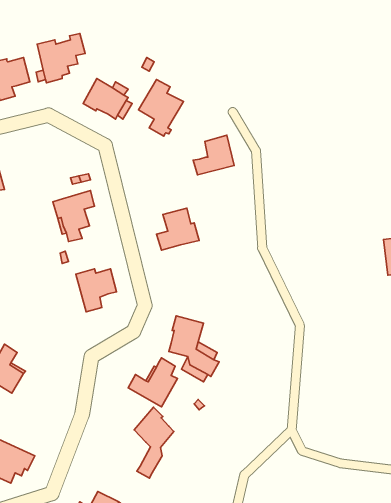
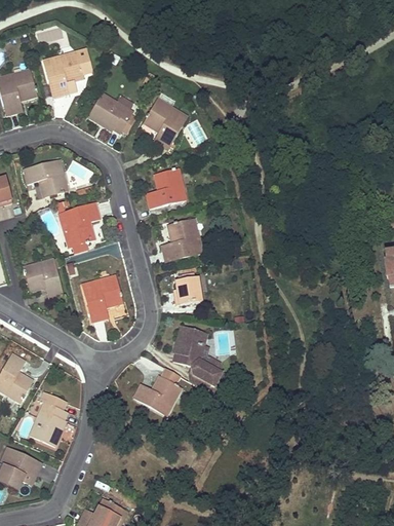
building: [193,135,234,175] -> [145,168,185,208]
building: none -> [24,160,67,195]
building: none -> [24,259,63,298]
building: none -> [174,277,201,304]
building: none -> [29,393,67,446]
building: [134,407,174,478] -> none

